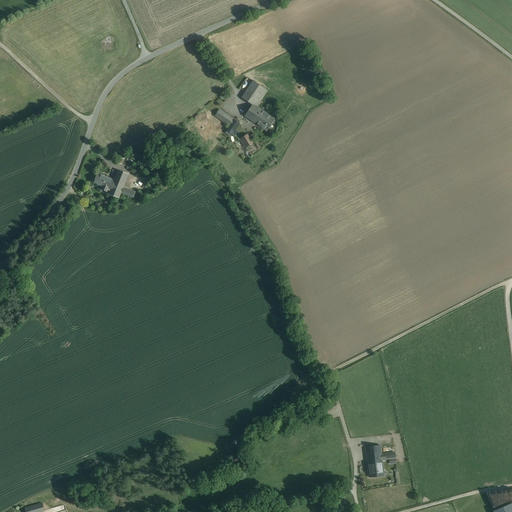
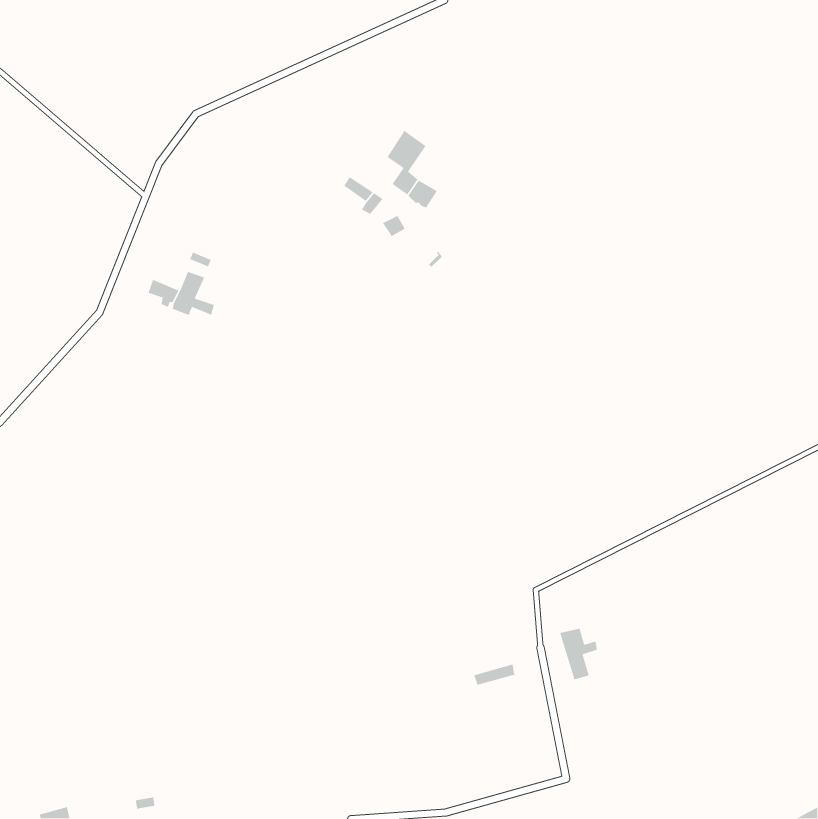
building: [368,443,392,476] -> [559,628,598,681]

